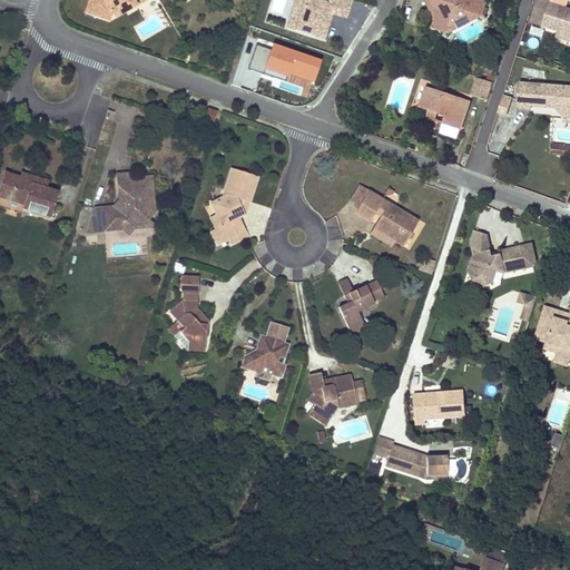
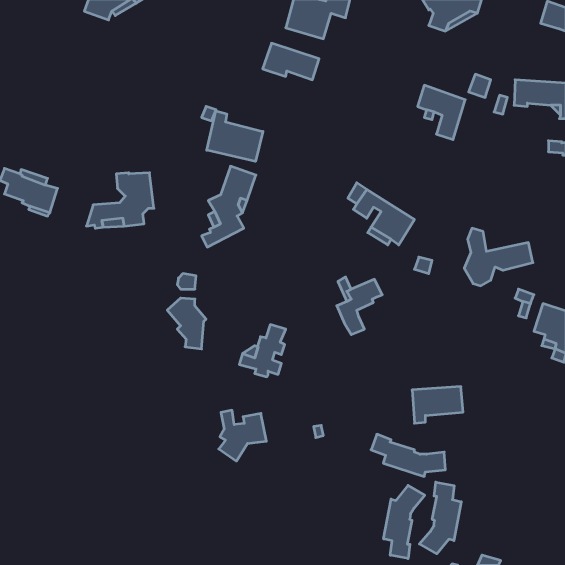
building: none -> [207,111,263,161]
building: [308,373,356,424] -> [219,410,266,461]
building: none -> [419,482,461,554]
building: none -> [384,485,425,559]

